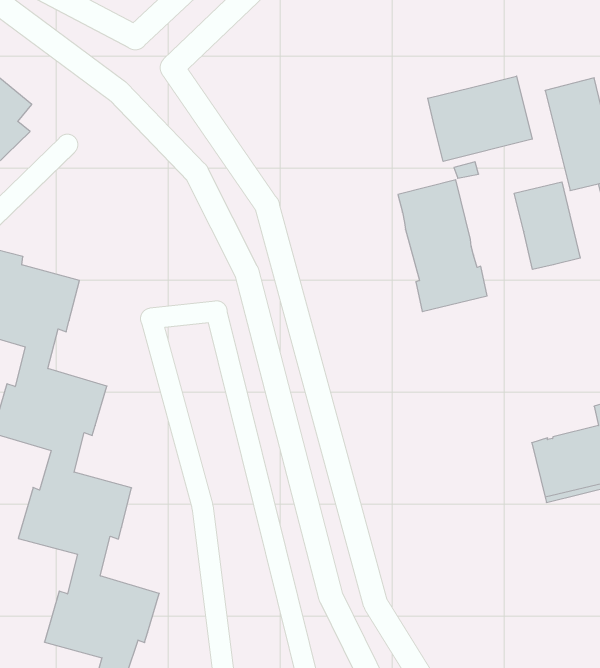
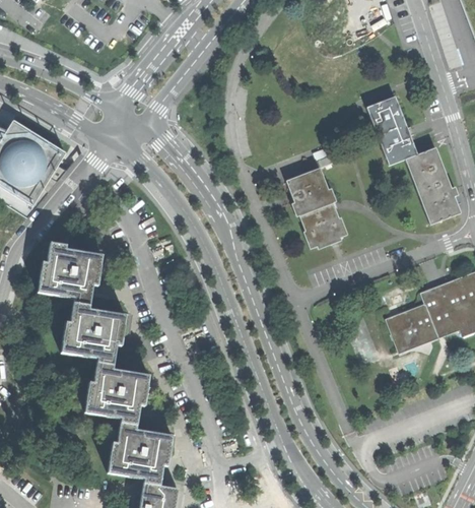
building: [428,76,532,161] -> none
building: [514,182,580,269] -> none

